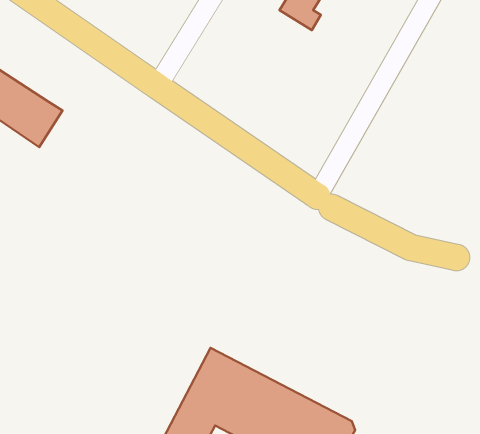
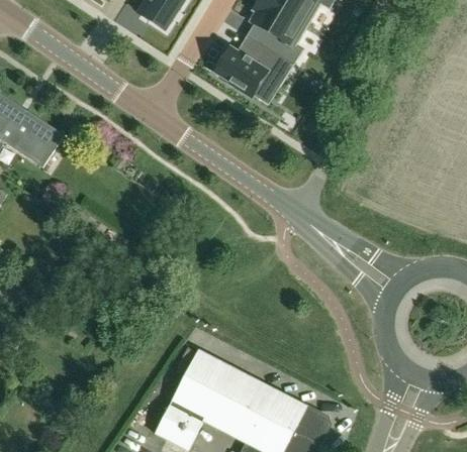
building: none -> [214,44,293,97]

